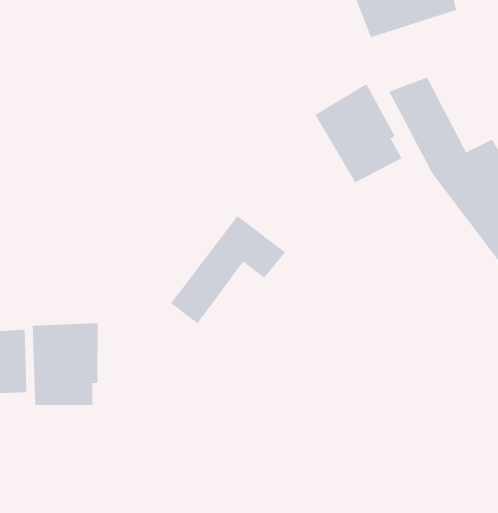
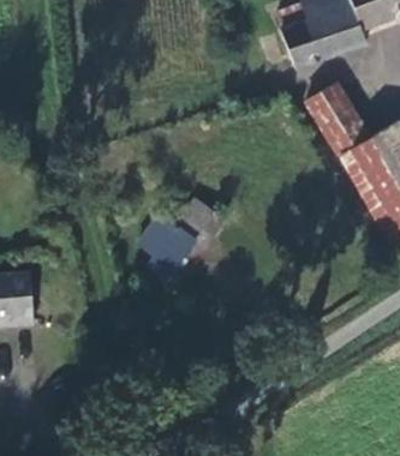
building: [314,83,402,183] -> none
building: [32,322,98,406] -> none

